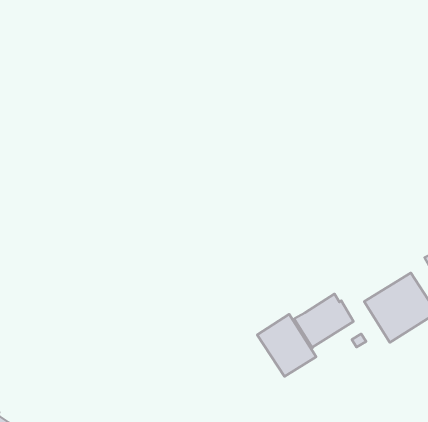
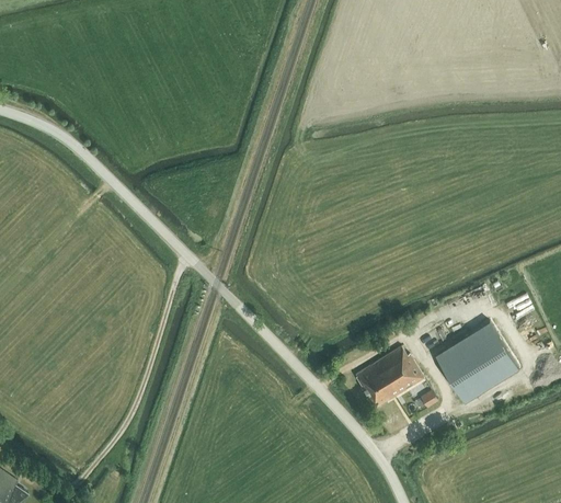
building: [257,314,316,377] -> none

